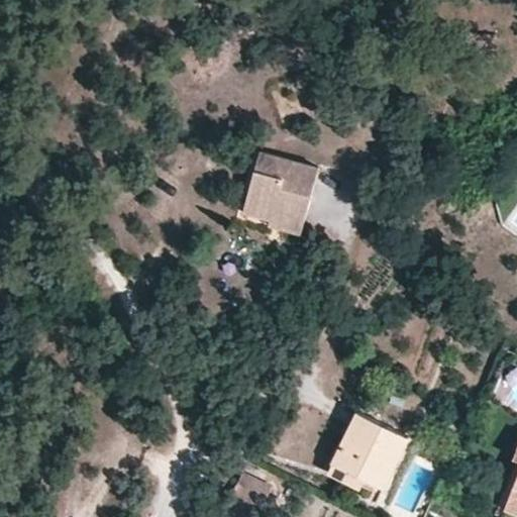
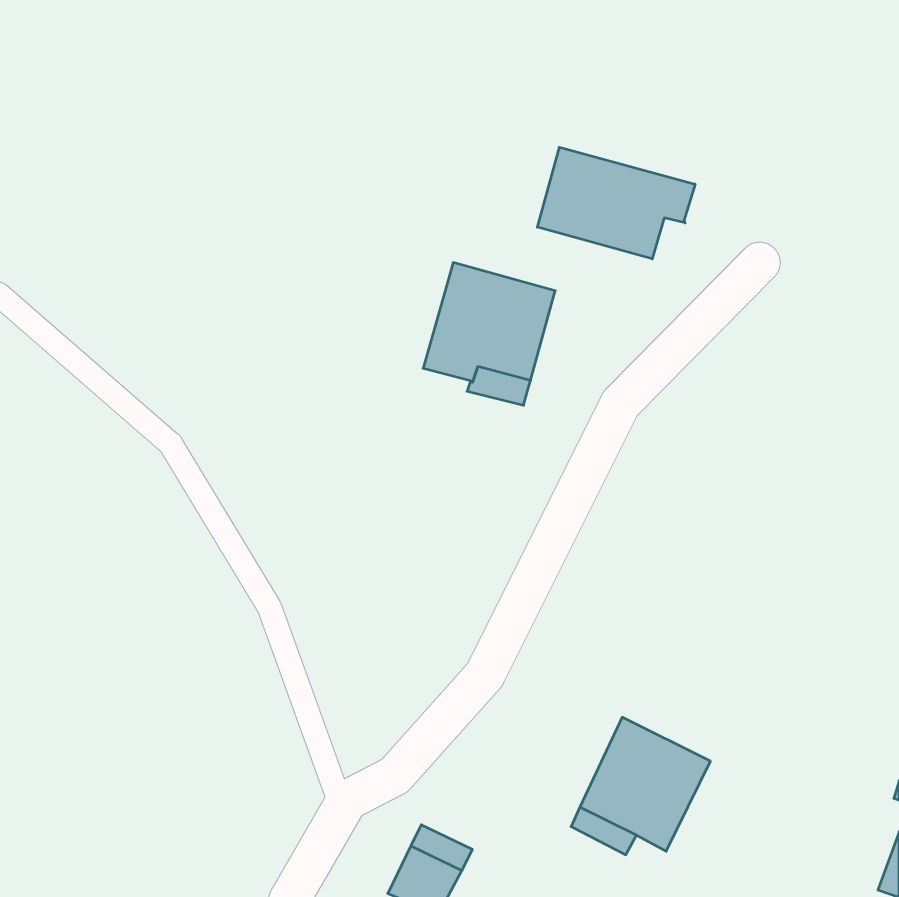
building: none -> [537,147,695,259]

